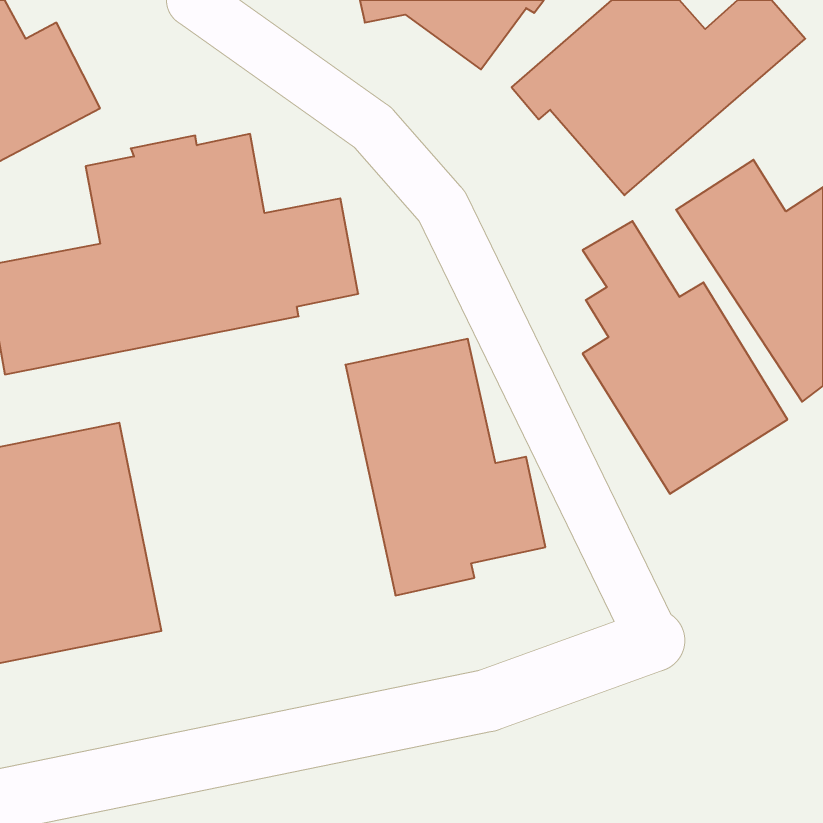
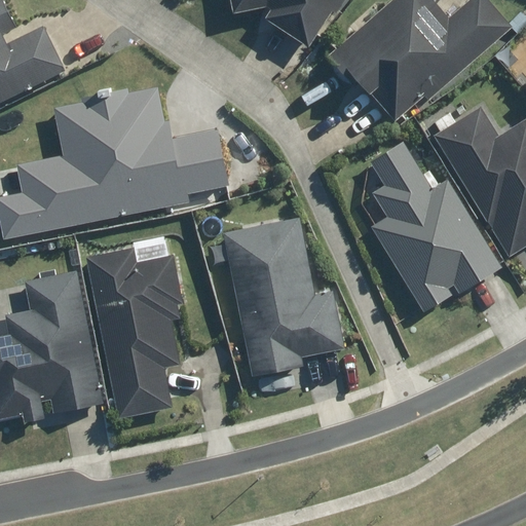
building: none -> [85,238,187,422]

